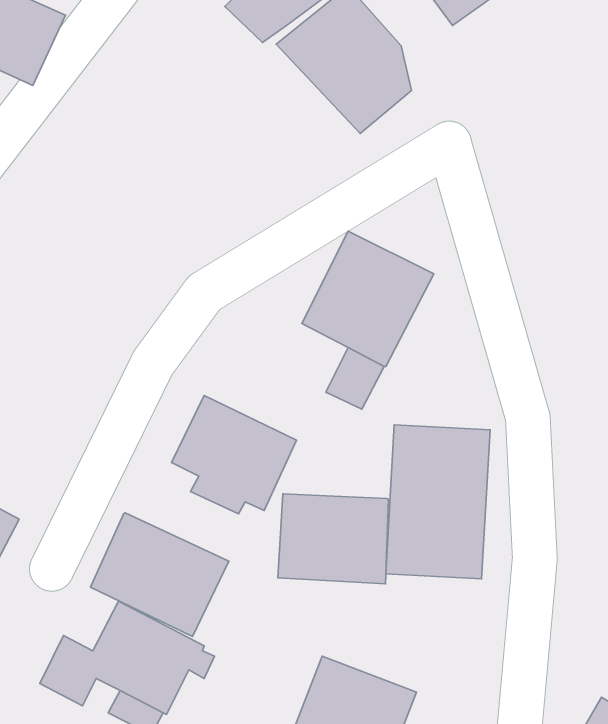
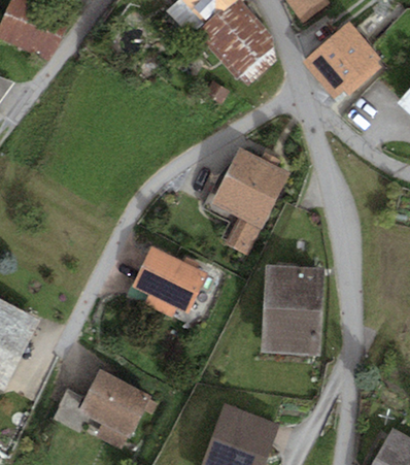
building: none -> [301,22,380,98]
building: [278,494,388,584] -> none
building: [90,513,229,637] -> none

